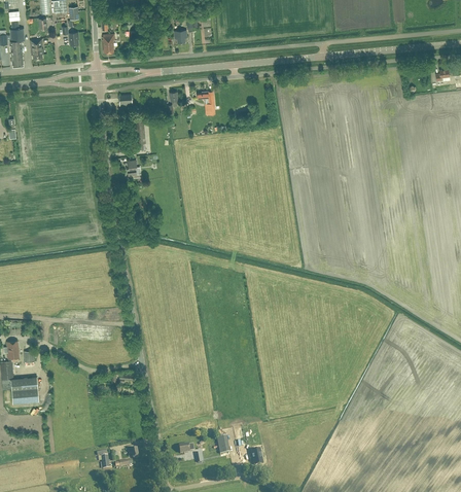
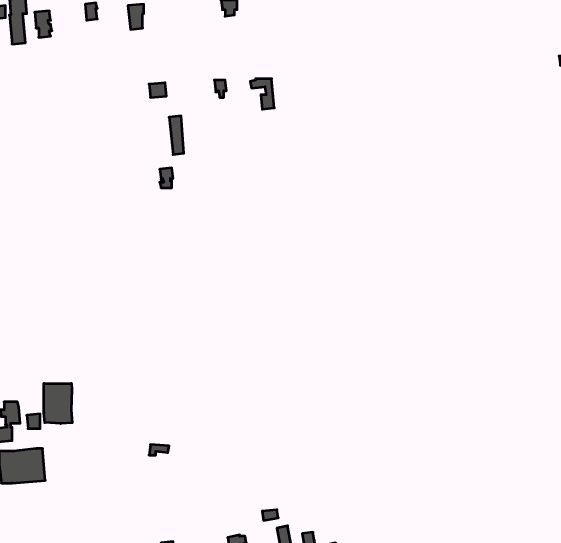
building: none -> [44,383,72,424]

